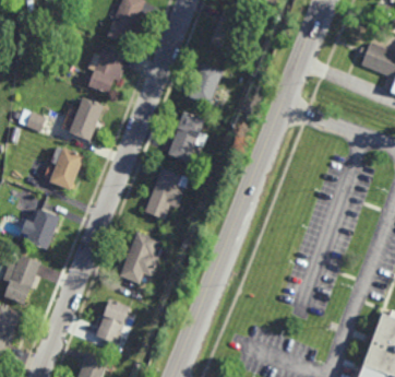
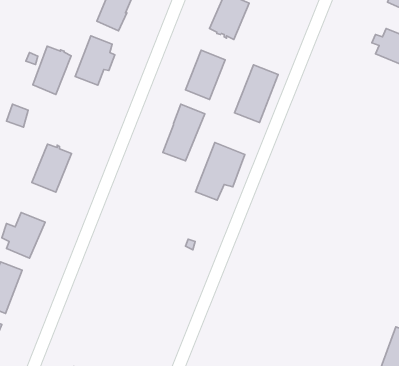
building: none -> [235,65,278,123]
building: [69,98,104,142] -> [33,46,71,94]
building: [144,168,189,221] -> [195,142,245,200]
building: [119,233,159,285] -> none
building: [95,296,129,342] -> none

